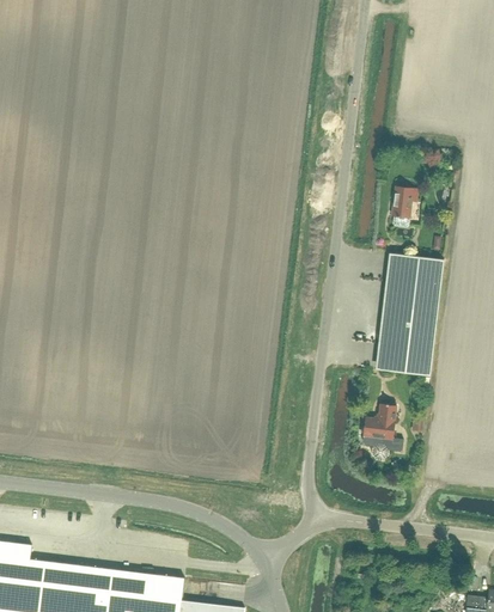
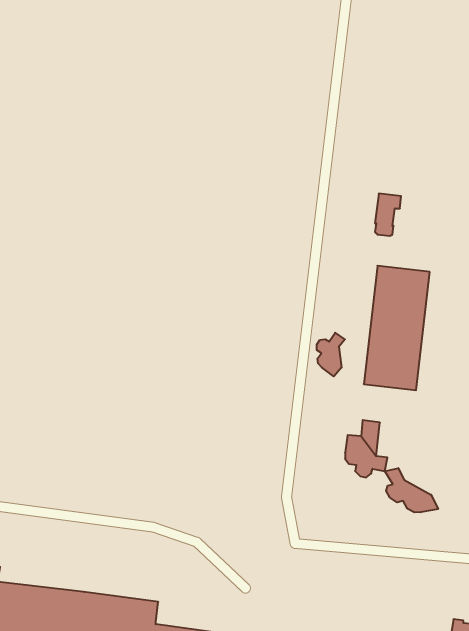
building: none -> [317,333,345,376]
building: none -> [385,468,438,512]

